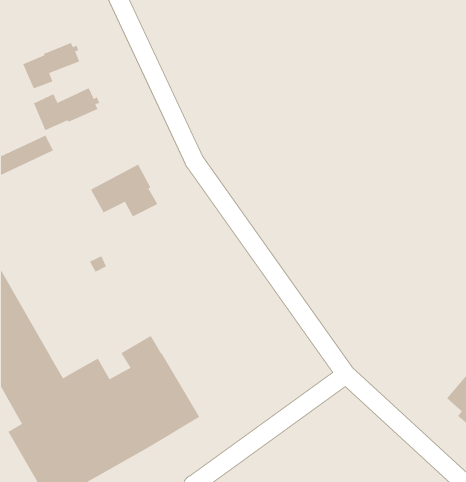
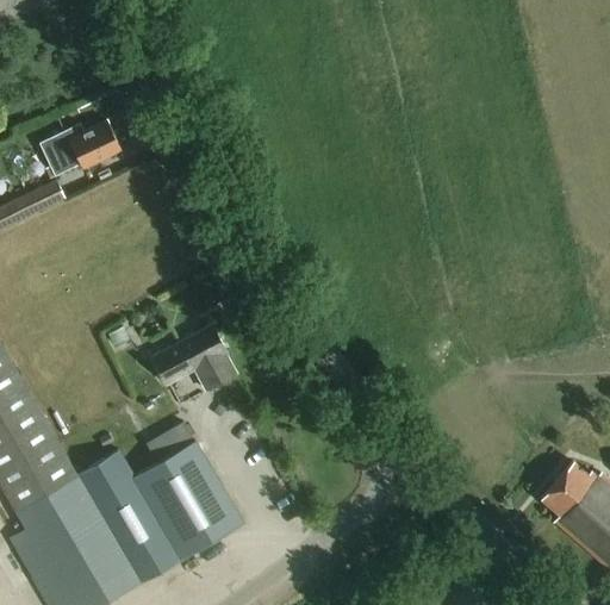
building: [23,42,80,89] -> none
building: [90,164,158,217] -> [155,326,237,391]

